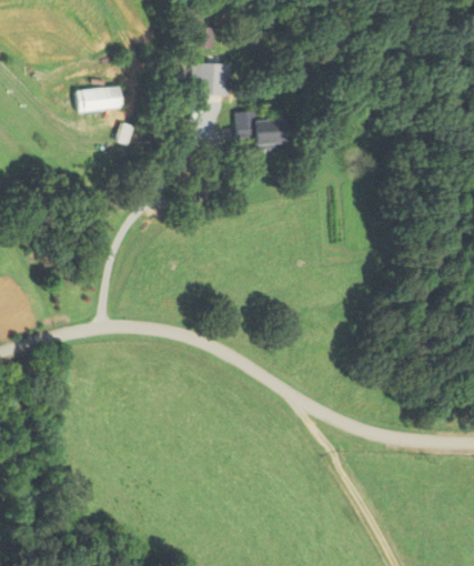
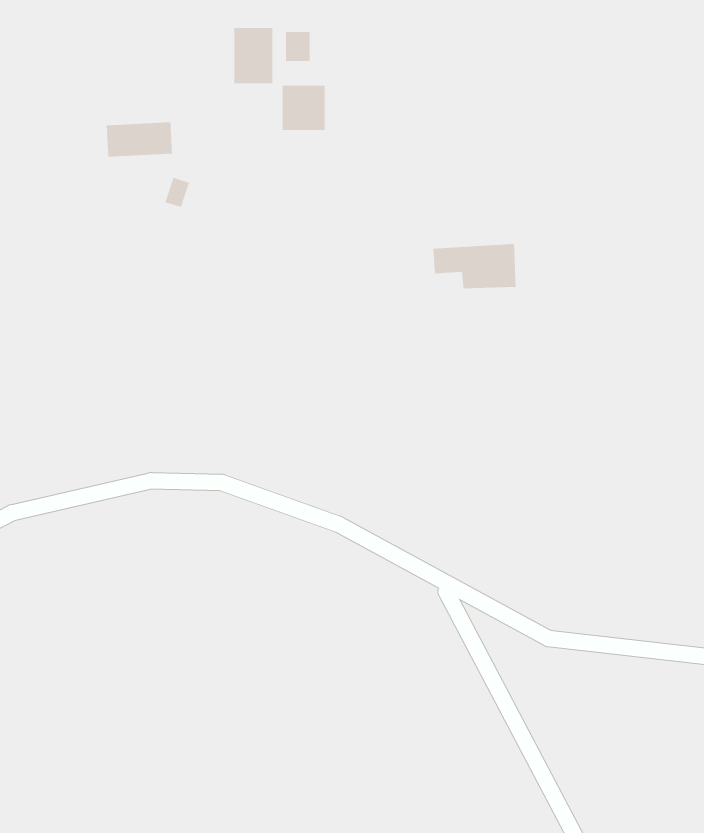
building: none -> [234,27,273,84]
building: [235,118,291,148] -> [433,244,516,289]

